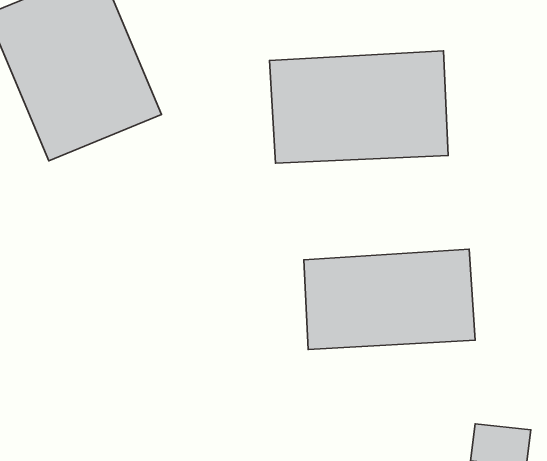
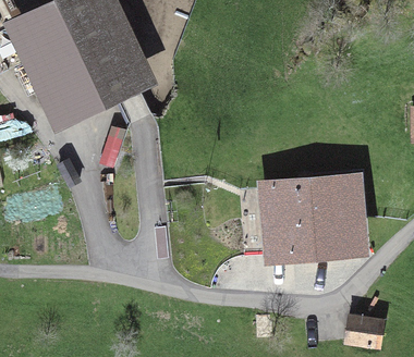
building: [270,51,448,163] -> none

